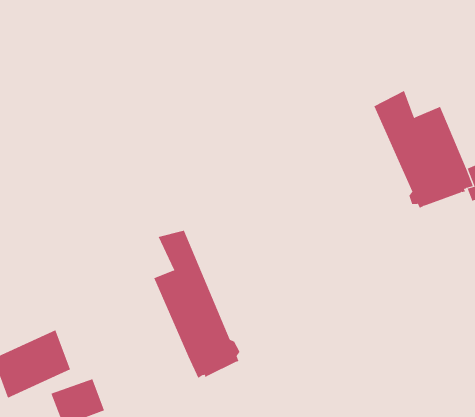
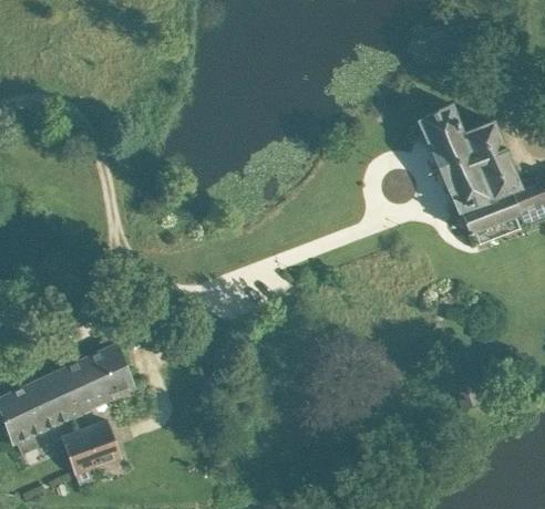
building: [153,230,240,379] -> none
building: none -> [66,344,132,412]

